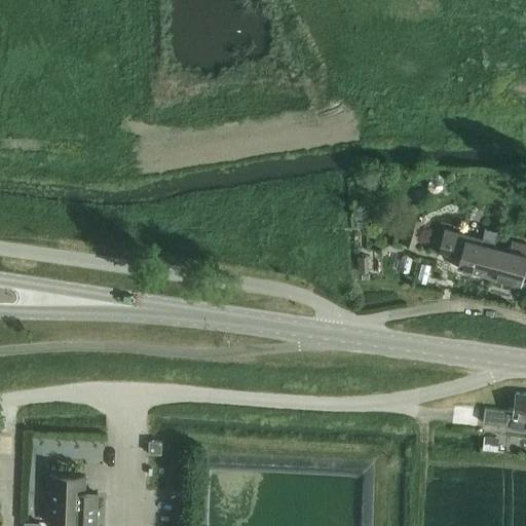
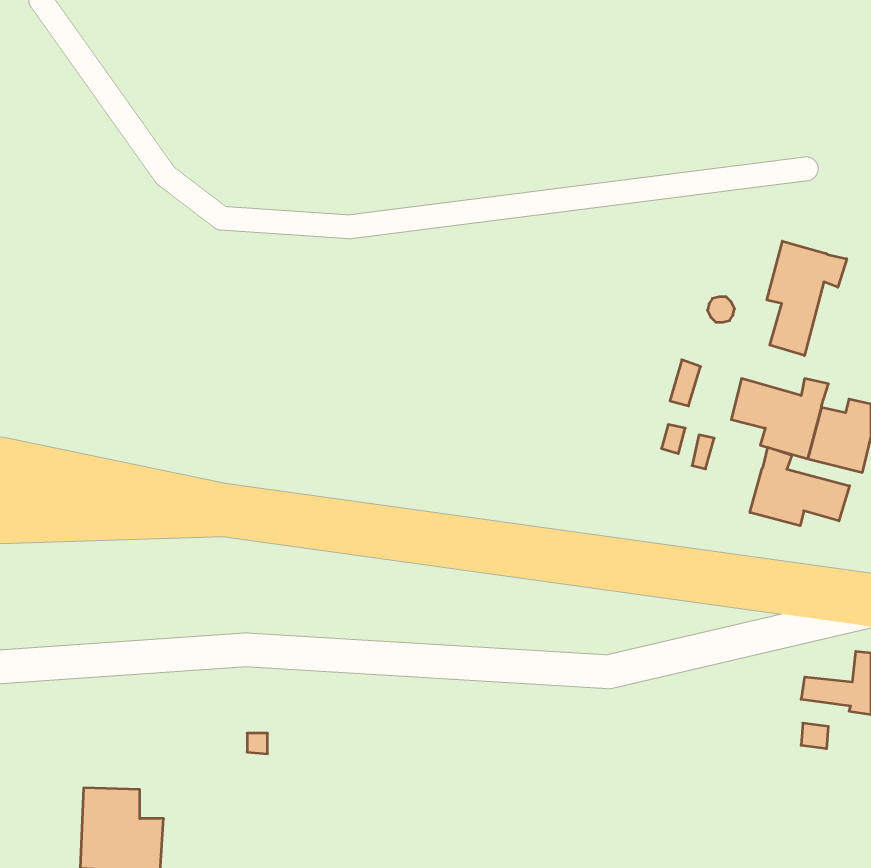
building: none -> [767,241,847,356]
building: none -> [750,447,850,526]

